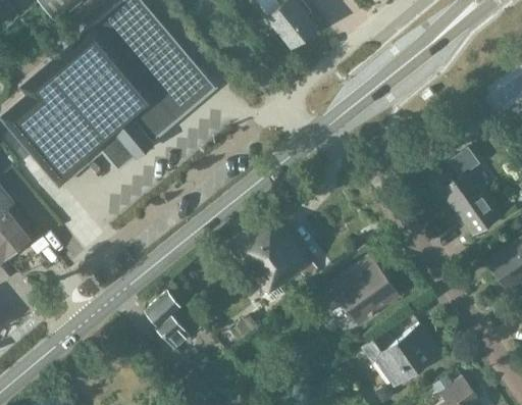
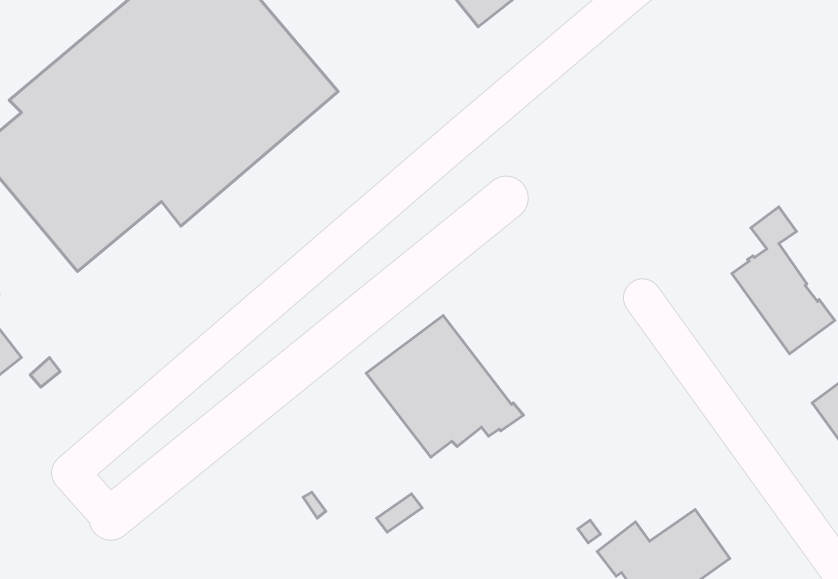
building: [312,258,398,326] -> none
building: [145,293,191,349] -> none

